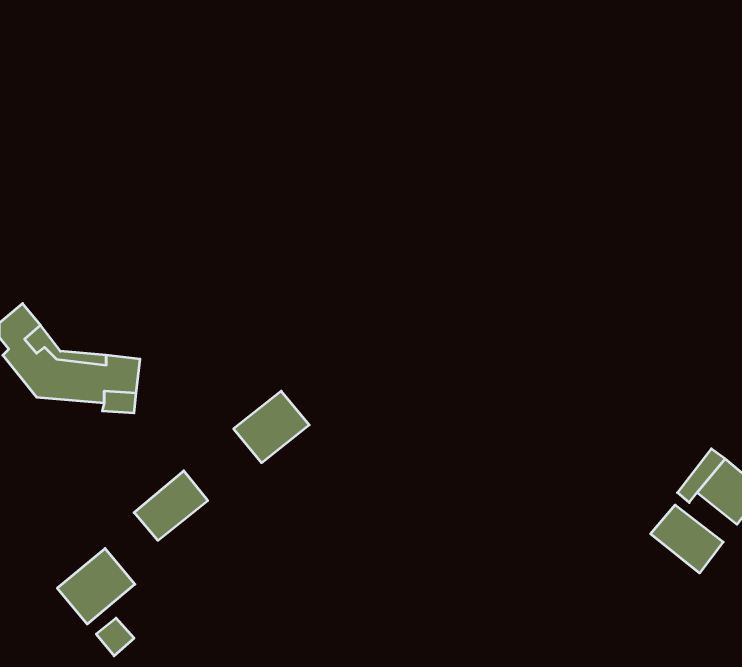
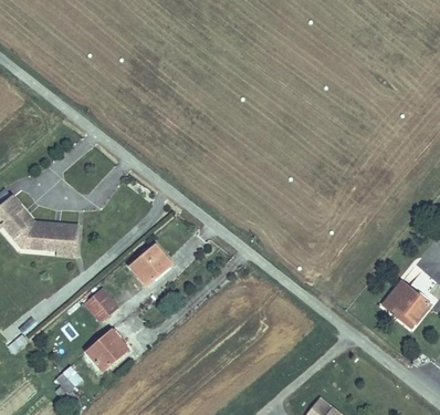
building: [651,505,723,573] -> none
building: [57,548,135,624] -> [87,330,130,372]

